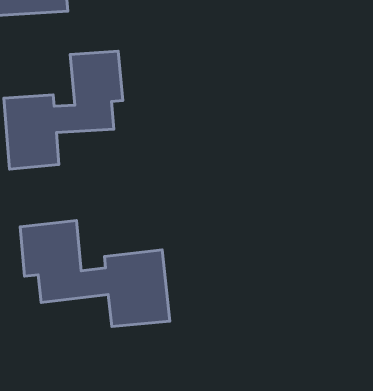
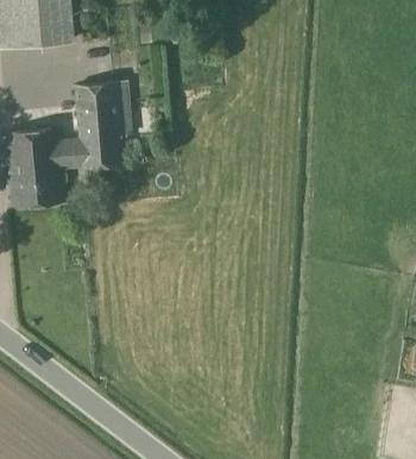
building: [20,220,170,326] -> none

